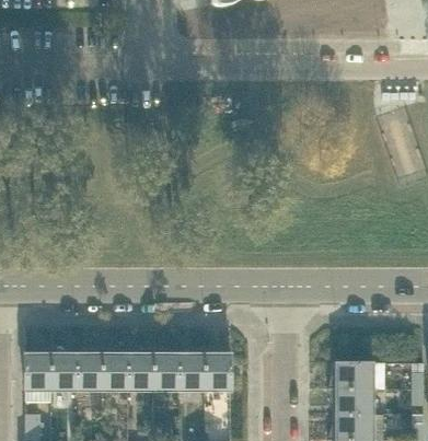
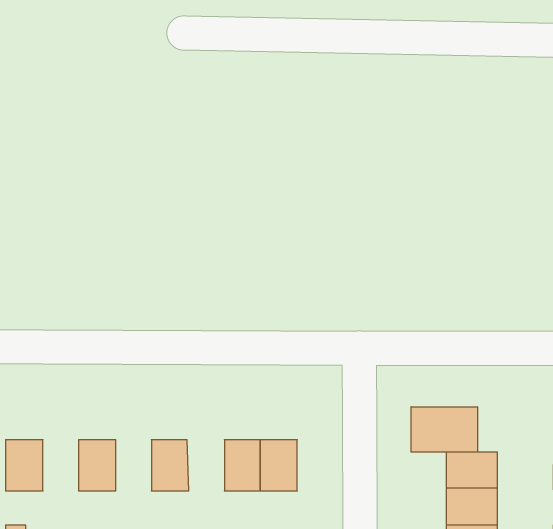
building: none -> [411,407,477,452]
building: [51,352,77,388] -> none
building: [103,352,128,388] -> none
building: [153,352,180,388] -> none

